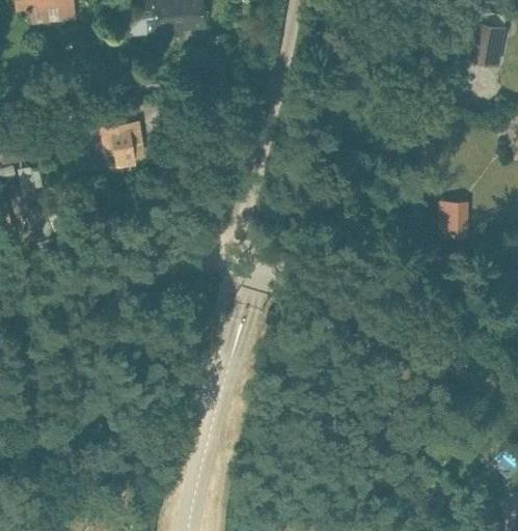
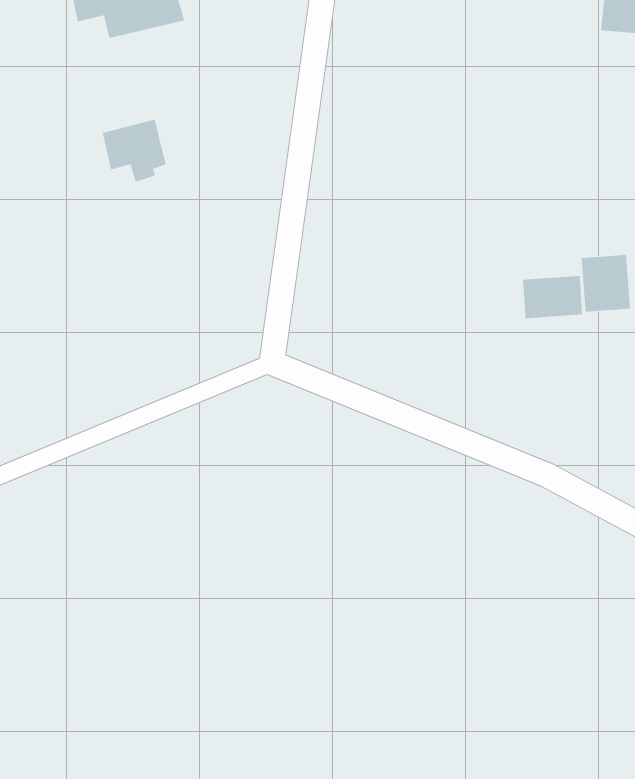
building: [102,123,140,162] -> [102,119,166,183]
building: none -> [523,275,582,319]

